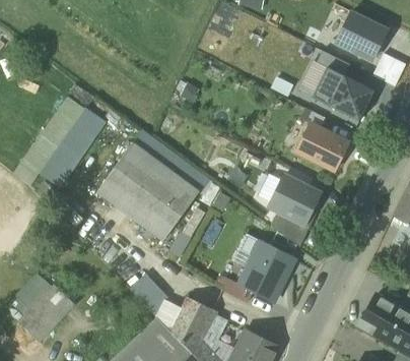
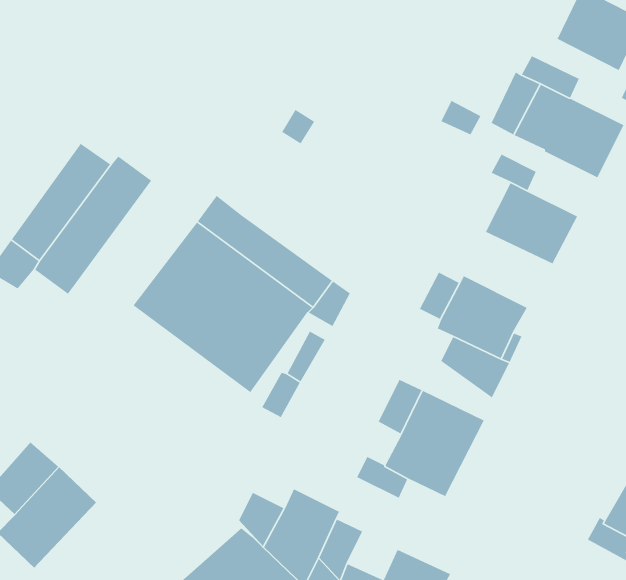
building: [130,274,167,315] -> none

